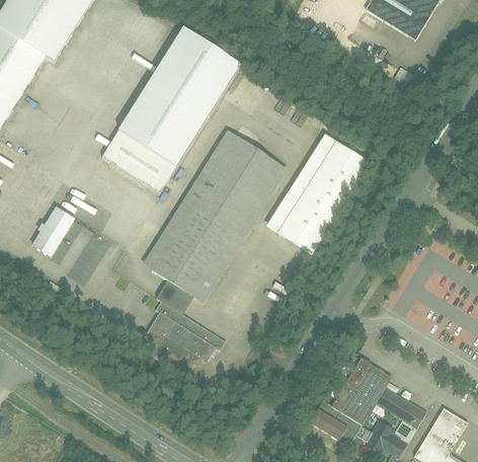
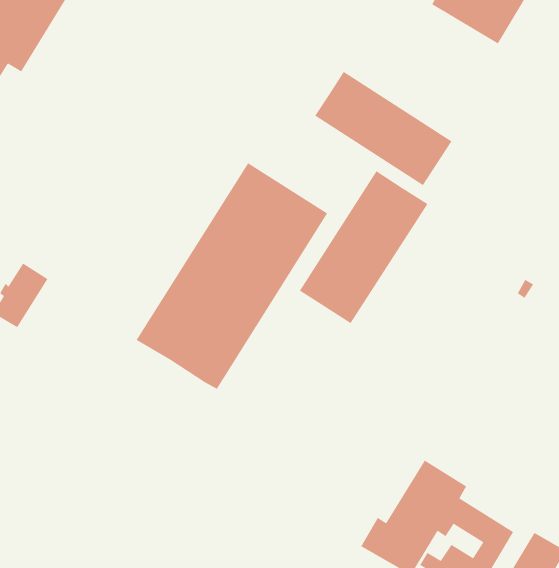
building: [104,29,238,188] -> none
building: none -> [314,71,452,186]
building: [142,280,226,370] -> none

